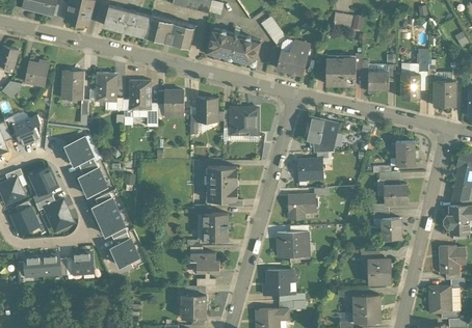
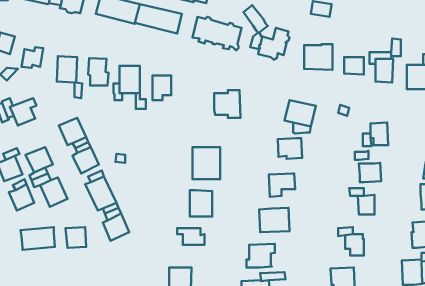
building: [195,99,217,122] -> none

